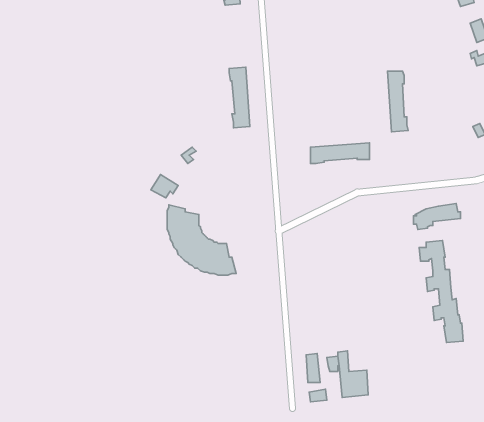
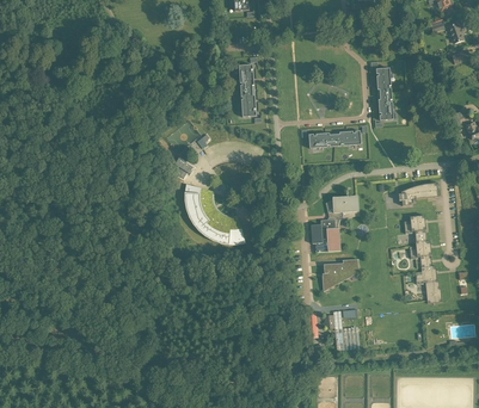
building: none -> [311,196,358,252]
building: none -> [321,259,357,292]

